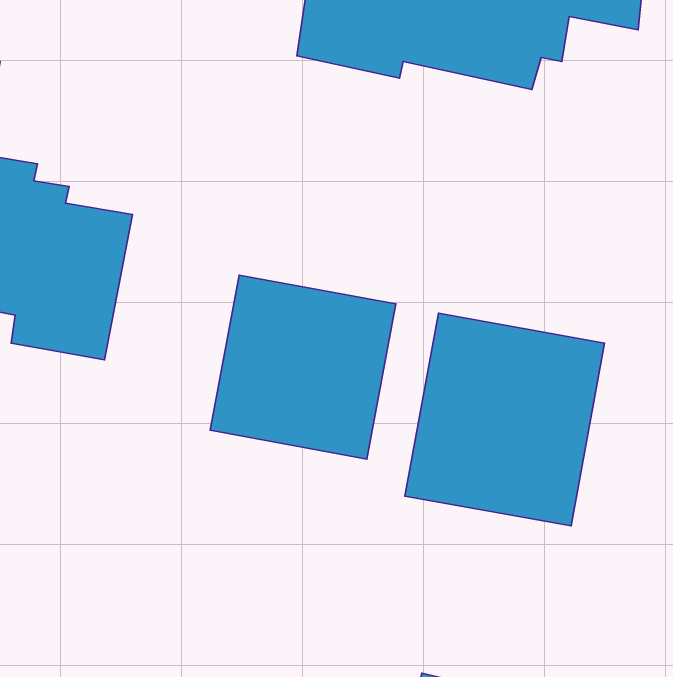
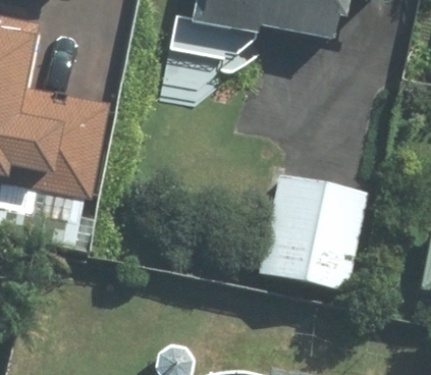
building: [210,275,396,459] -> none

